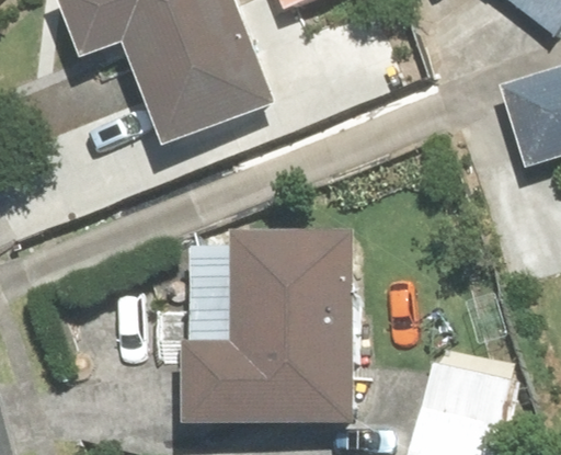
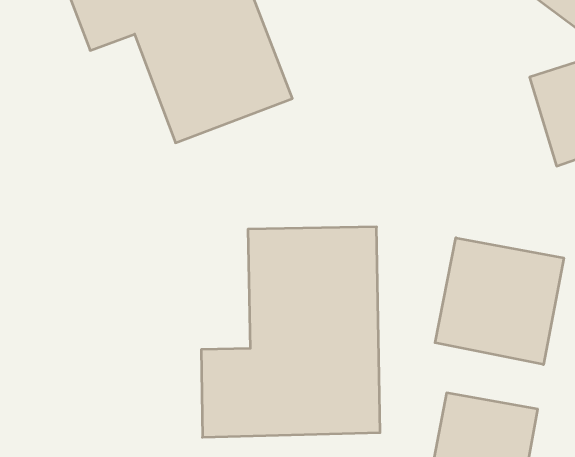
building: none -> [435,238,564,365]

